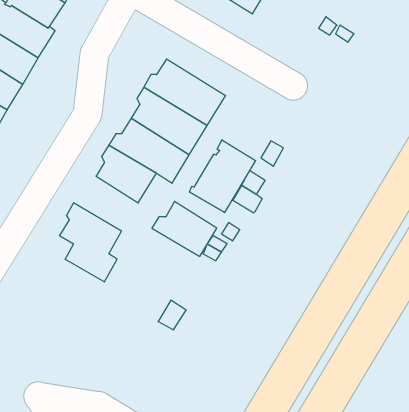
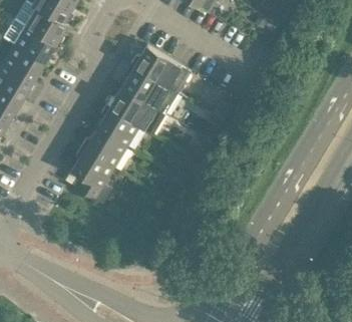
building: [189,140,256,213] -> none
building: [152,201,217,256] -> [80,129,126,169]

